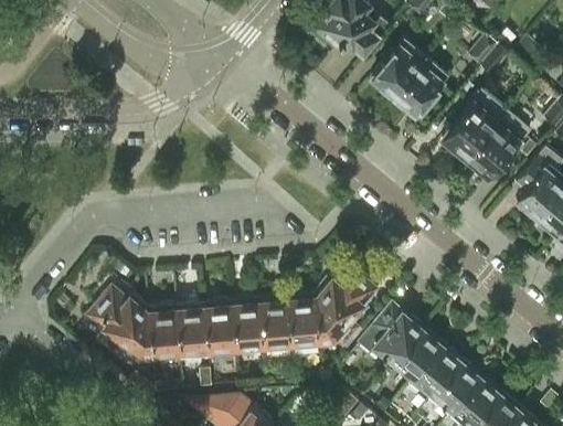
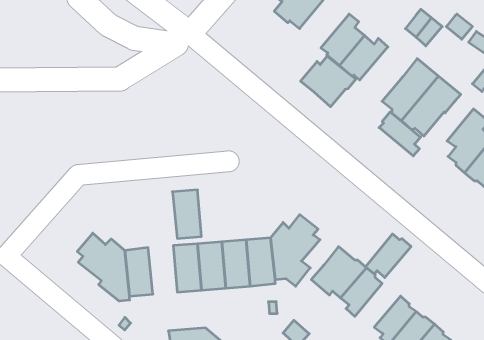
building: none -> [301,56,356,107]
building: none -> [379,112,421,156]
building: [176,302,209,358] -> [172,190,201,238]
building: [411,345,463,395] -> [365,234,411,278]

